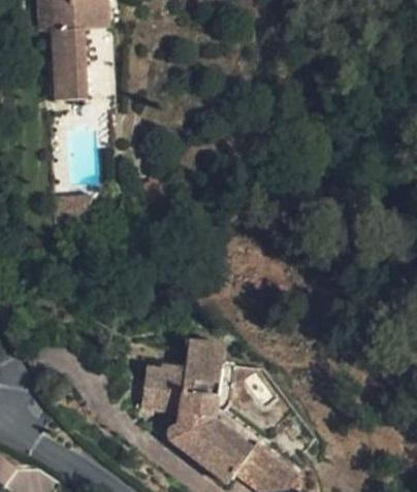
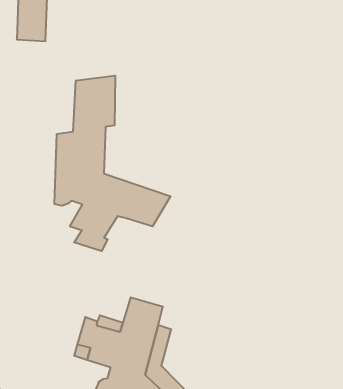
building: none -> [54,76,171,251]

